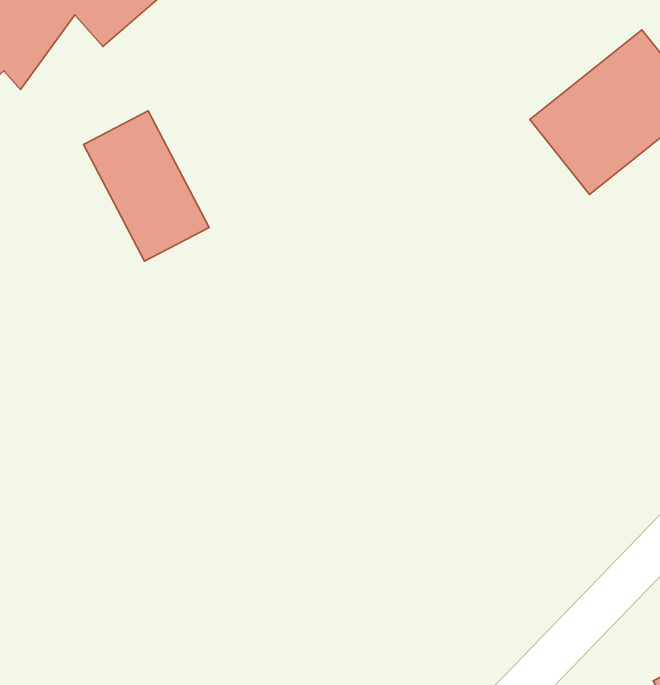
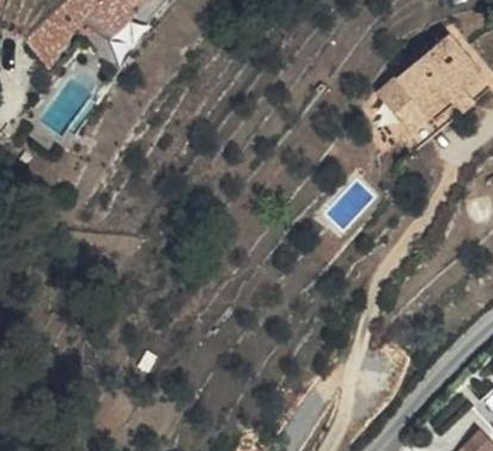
building: [83,111,209,261] -> none

